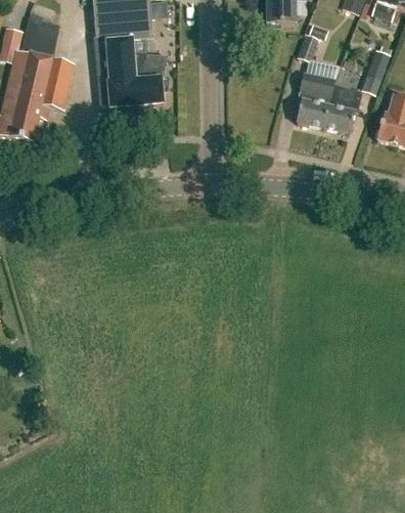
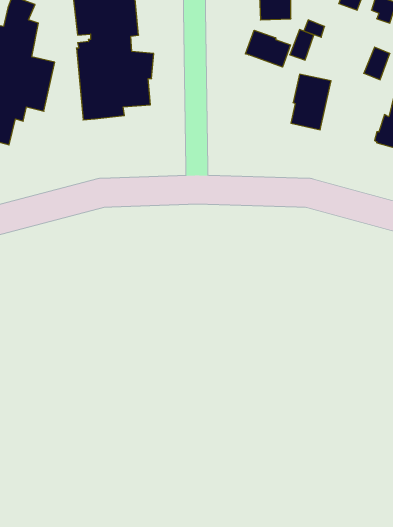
building: none -> [245,30,290,67]
building: [324,84,362,132] -> none

